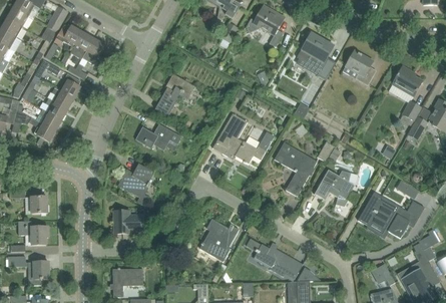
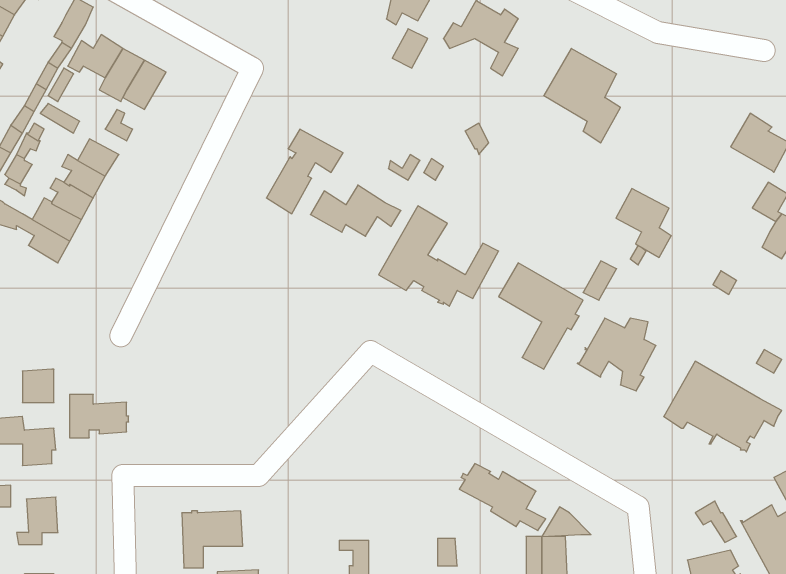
building: [346,50,374,85] -> [616,189,671,257]
building: [135,123,181,149] -> [310,185,401,236]
building: [120,164,154,197] -> none
building: [114,211,144,233] -> [70,394,129,438]
building: [199,220,239,261] -> none

